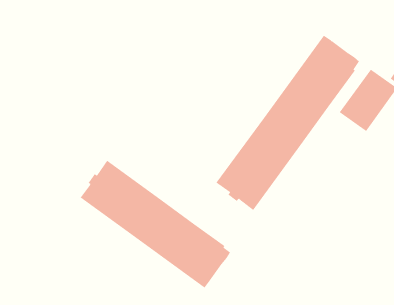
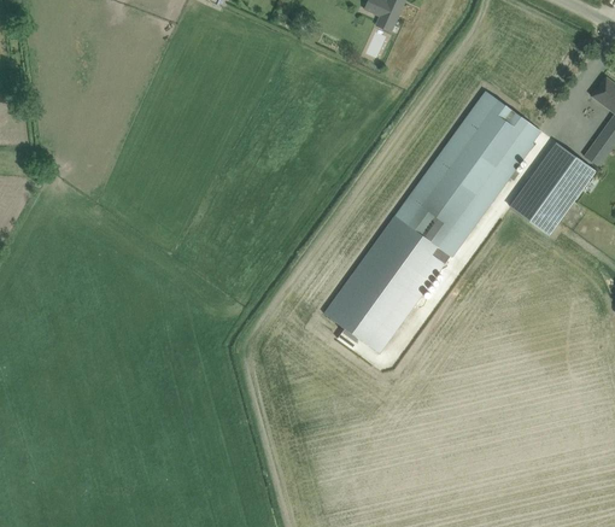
building: [80,160,231,289] -> none

